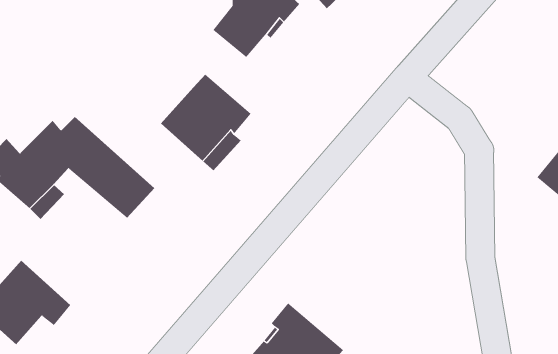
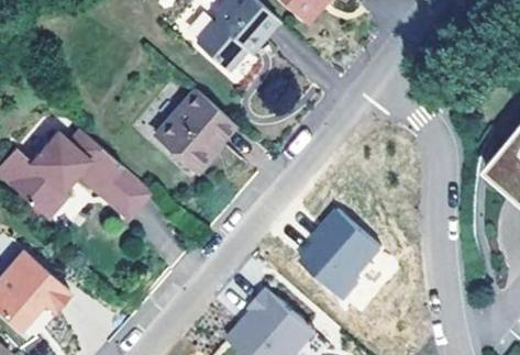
building: none -> [294,211,386,304]

